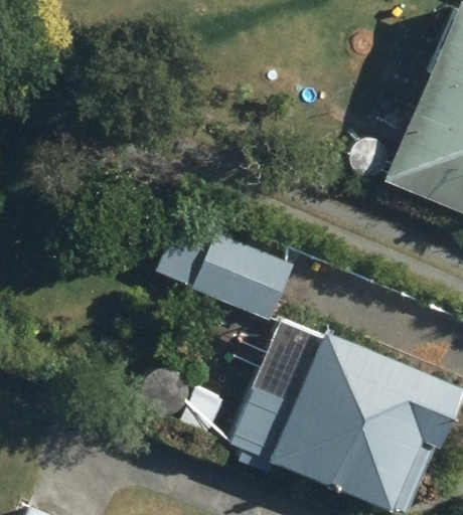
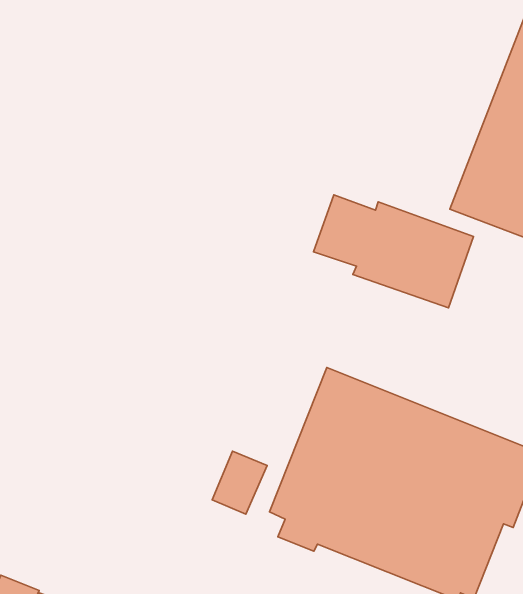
building: [159,223,294,319] -> [314,195,474,308]

